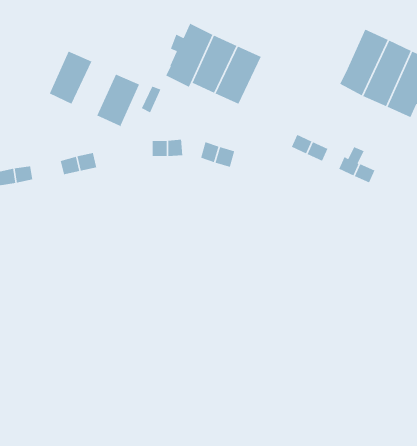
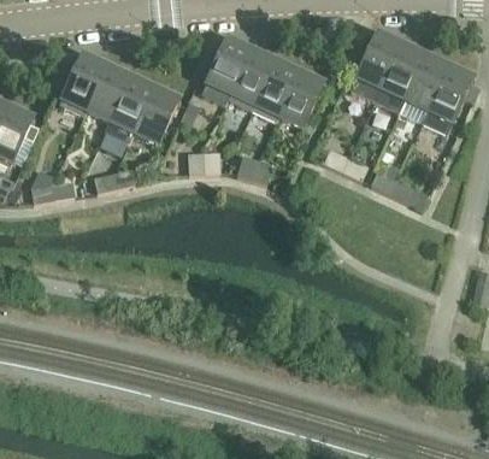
building: none -> [350,31,401,99]
building: none -> [59,53,106,113]
building: none -> [276,71,325,126]
building: none -> [105,76,153,141]

